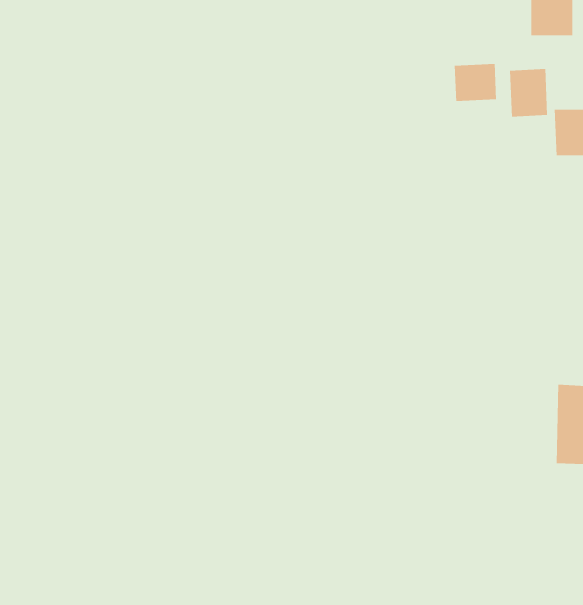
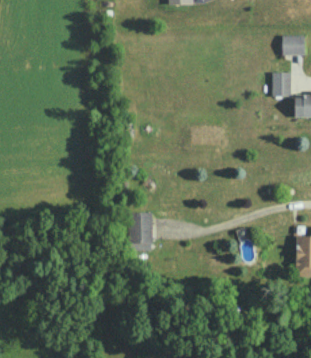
building: [454,63,497,102] -> none
building: none -> [129,212,153,251]

